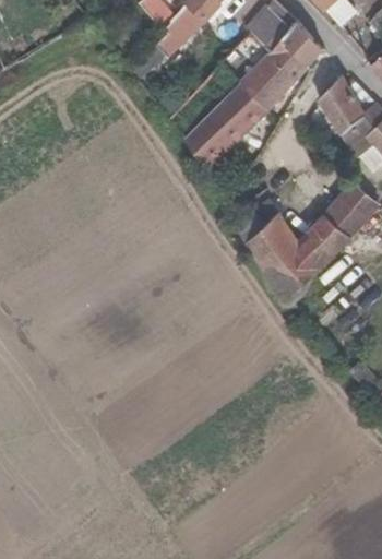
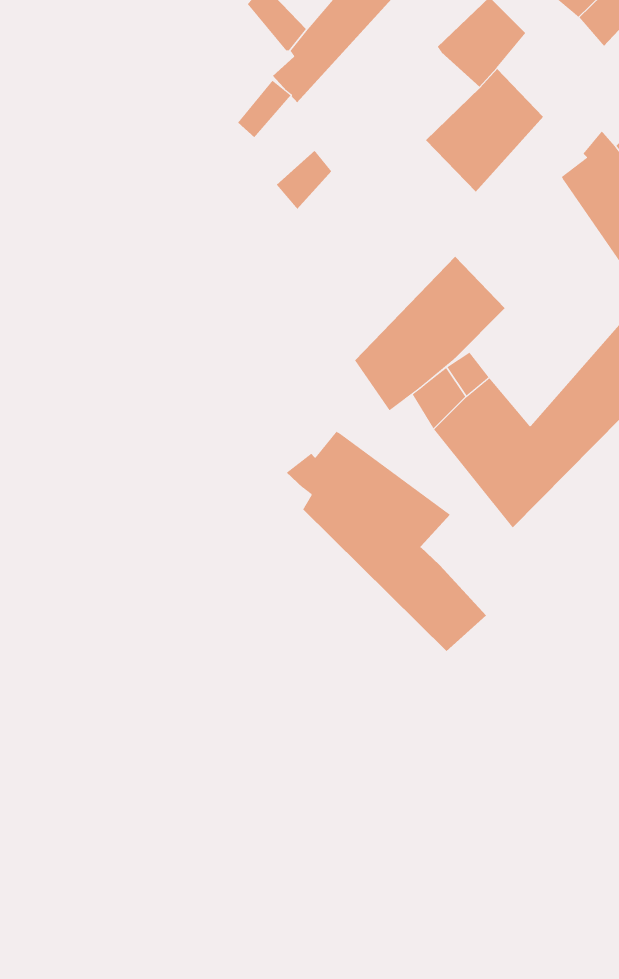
building: [282,20,325,67] -> none
building: [184,80,270,167] -> [354,256,505,411]
building: none -> [286,431,487,652]

